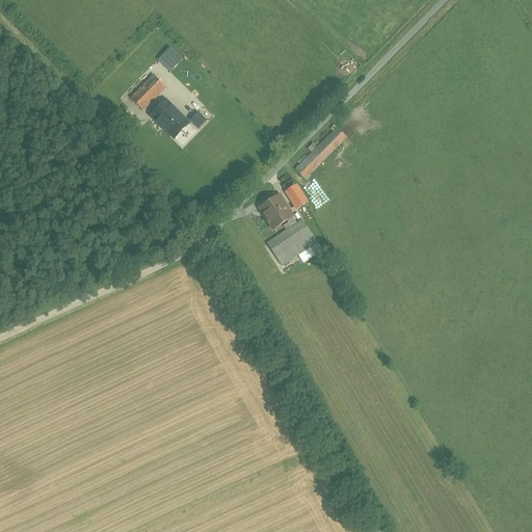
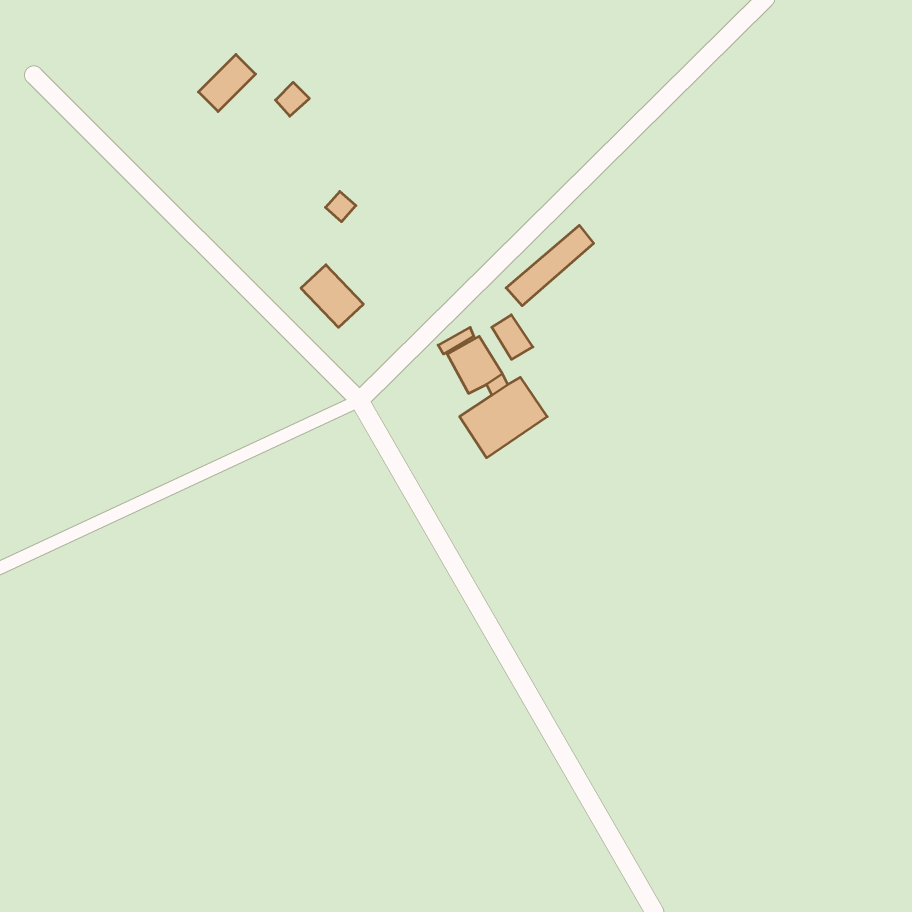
building: [131,75,164,108] -> [198,54,256,112]
building: [153,101,189,137] -> [301,265,363,327]

